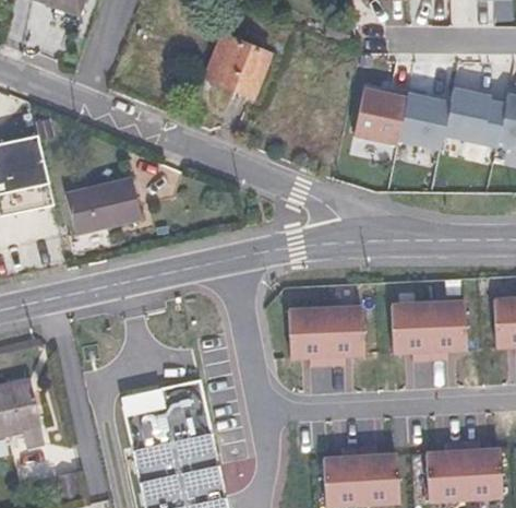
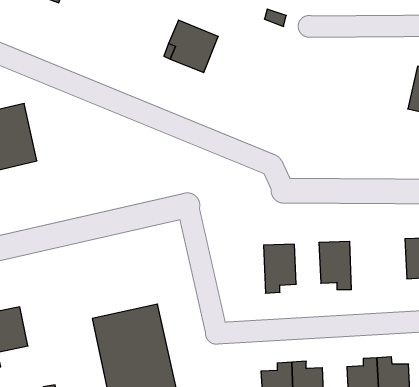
building: [357,86,494,149] -> none
building: [65,179,142,235] -> none
building: [429,300,467,359] -> none
building: [288,306,327,364] -> none

